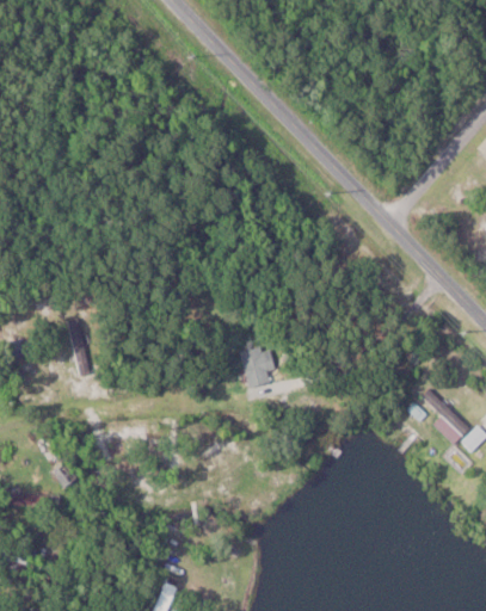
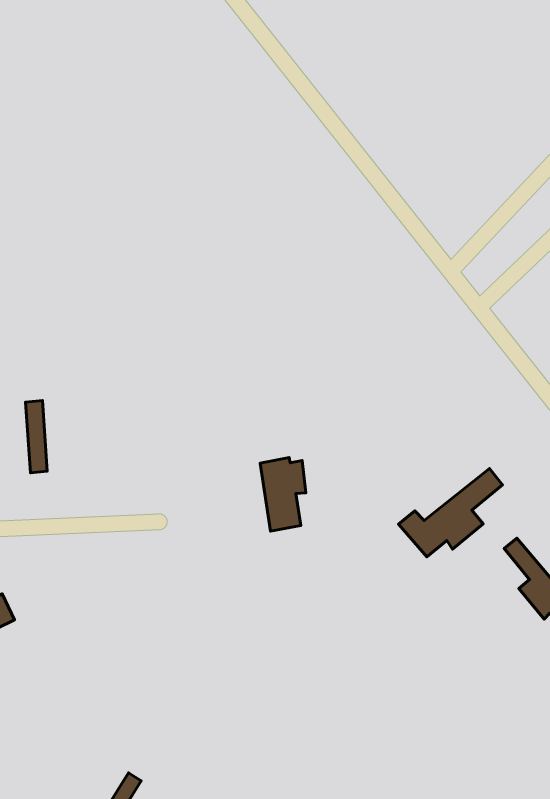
building: none -> [399,469,503,557]

